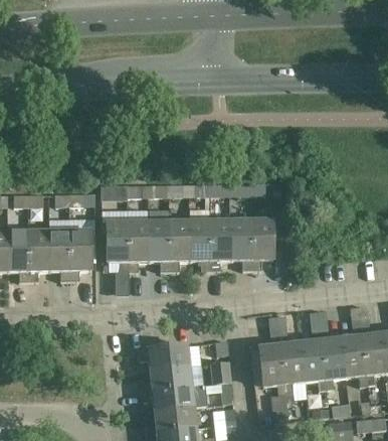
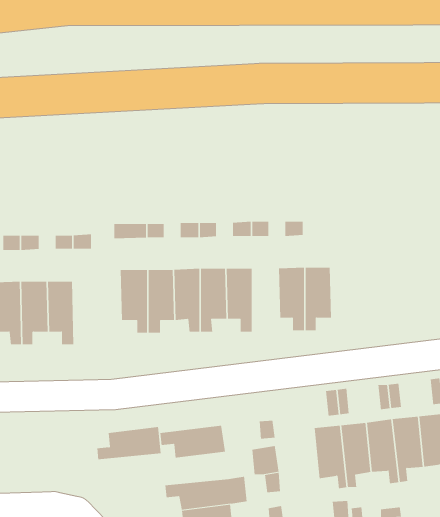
building: [211,219,232,270] -> none
building: [69,230,91,280] -> none
building: [141,364,192,391] -> [96,427,161,460]

